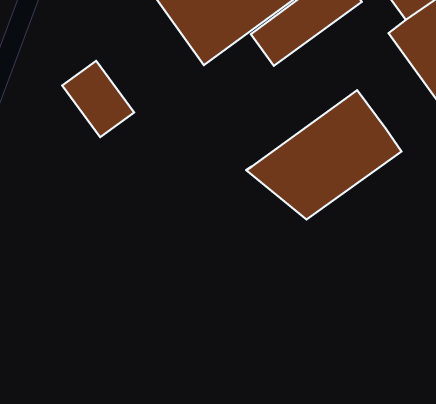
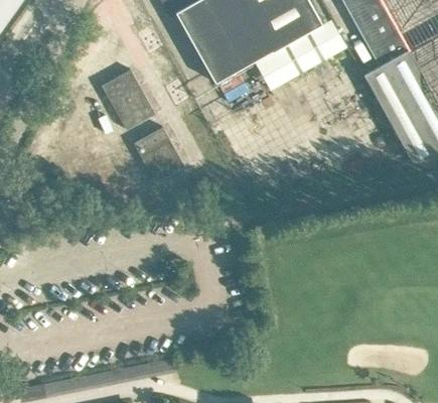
building: [246,90,401,220] -> none
building: none -> [133,123,184,179]

